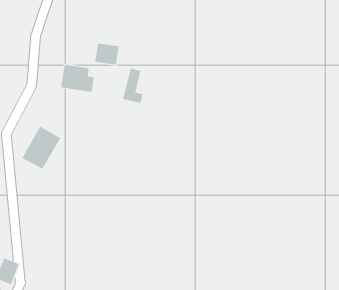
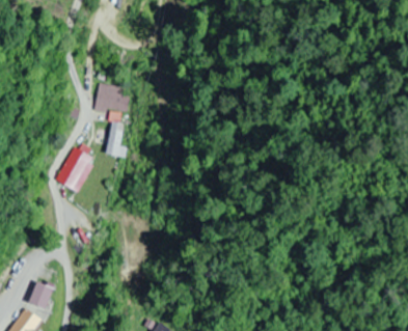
building: [94,42,119,66] -> none
building: [122,68,143,103] -> [105,120,127,157]

